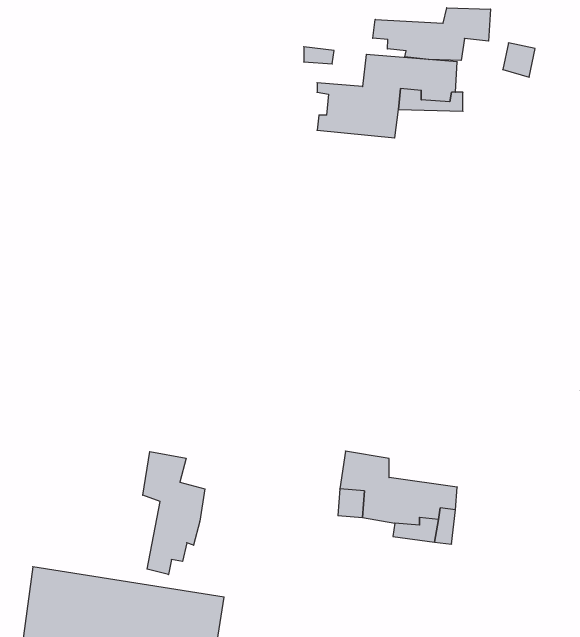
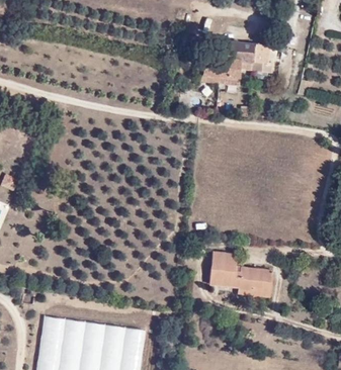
building: [373,8,490,60] -> none
building: [143,452,205,575] -> none

